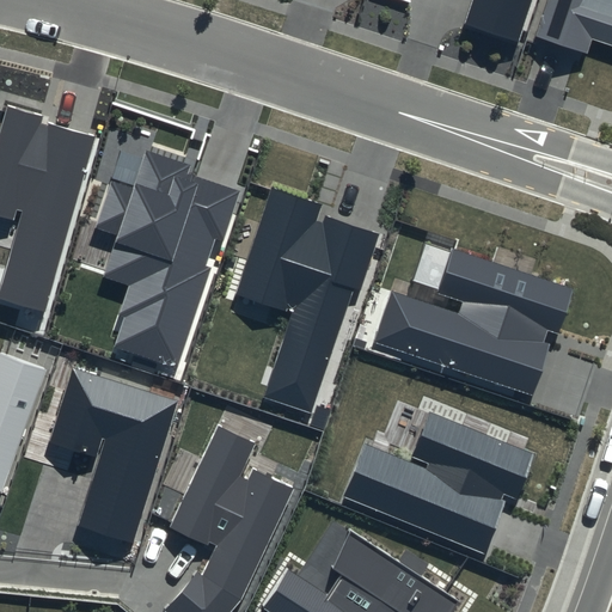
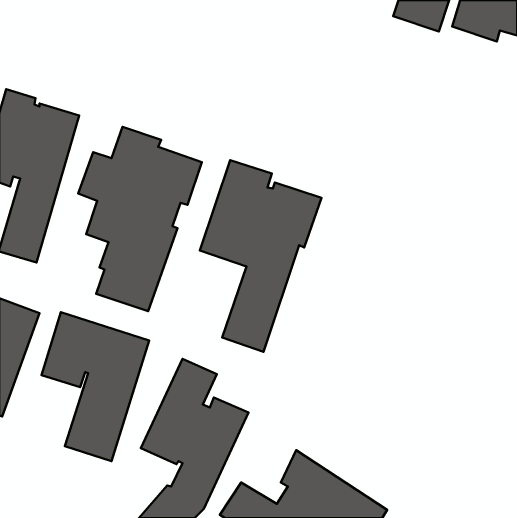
building: [373,247,573,396] -> none
building: [341,410,537,552] -> none

